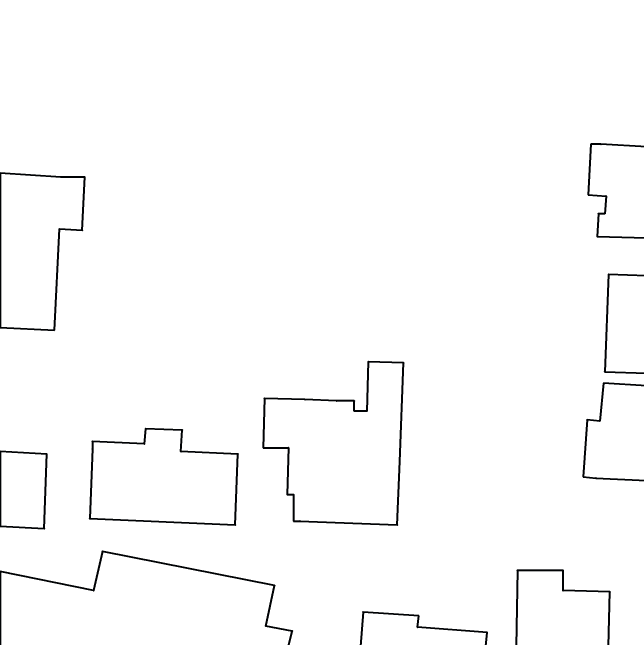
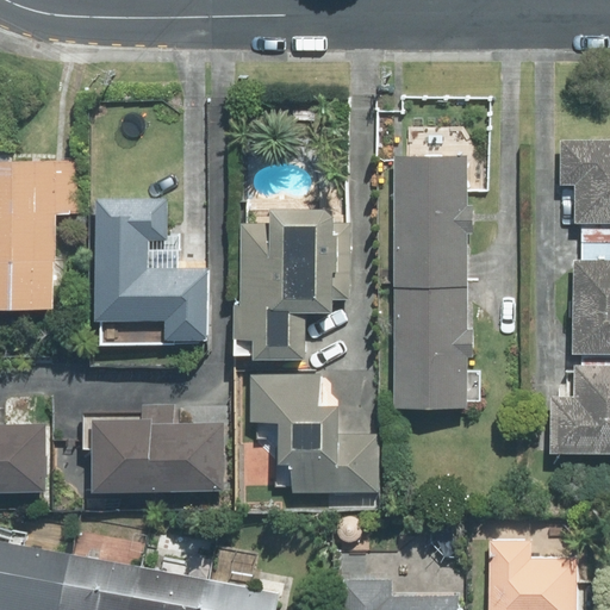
building: none -> [391,168,474,407]
building: none -> [89,198,208,343]
building: none -> [235,205,334,359]

